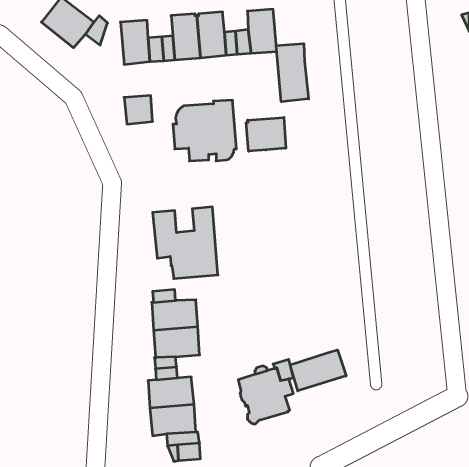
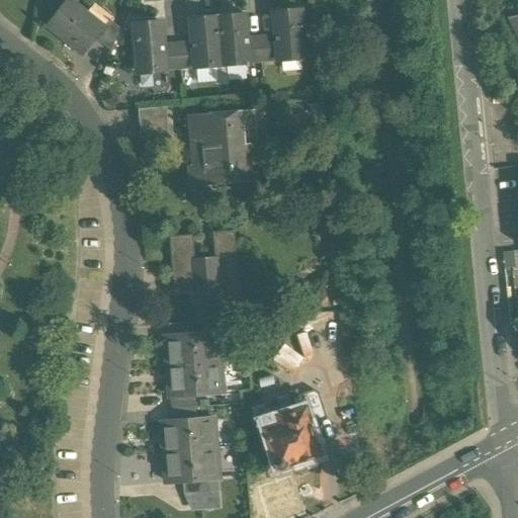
building: [276,44,309,102] -> none
building: [246,117,286,151] -> none
building: [290,350,346,391] -> none

